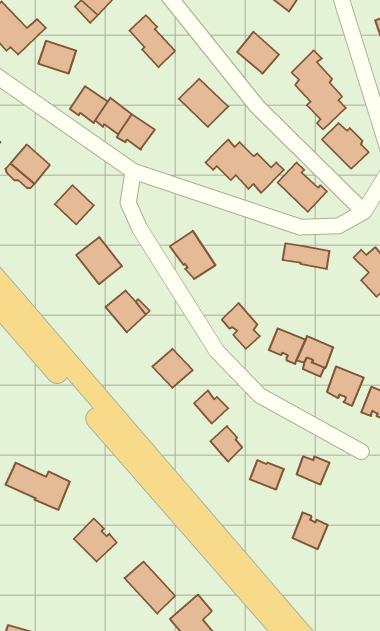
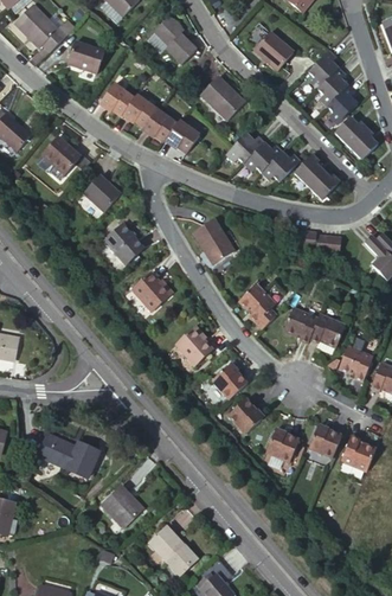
building: none -> [165,118,200,153]
building: [292,512,328,549] -> [341,436,374,470]

